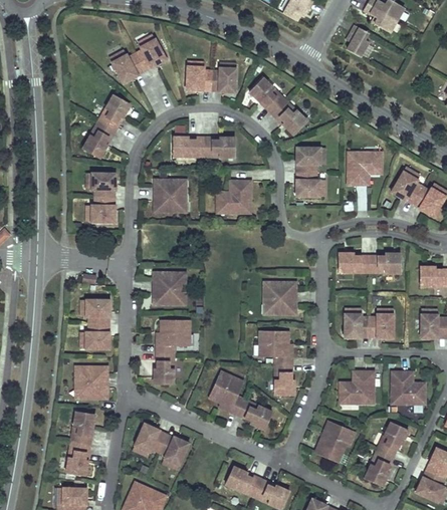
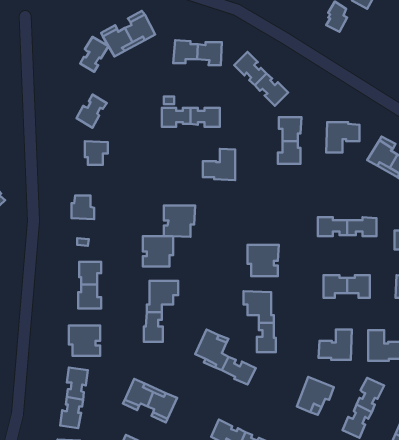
building: [99,94,130,132] -> [80,37,109,72]
building: [154,179,187,212] -> [164,205,195,237]
building: [90,197,115,222] -> [71,195,94,219]

